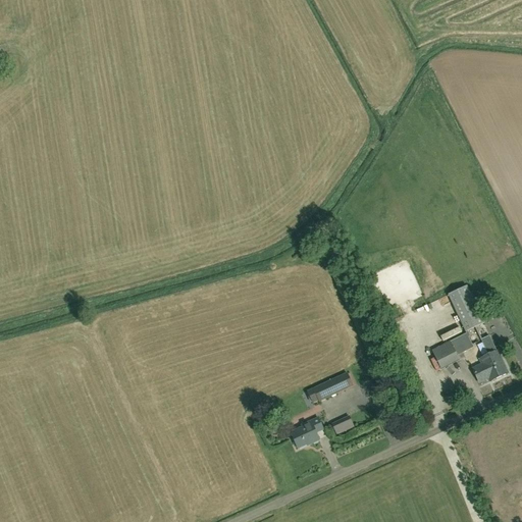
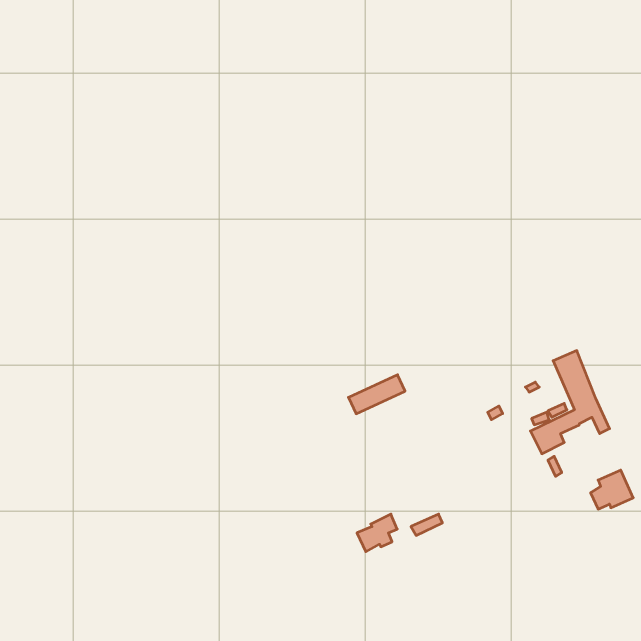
building: [472,350,507,381] -> [591,470,633,509]
building: [306,372,352,404] -> [348,375,405,414]

